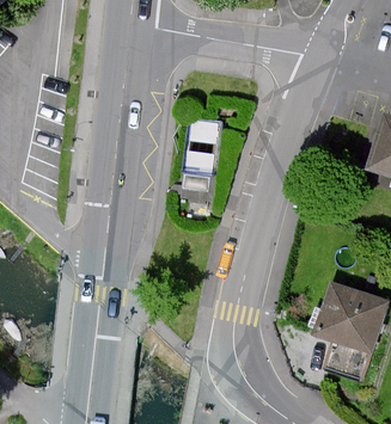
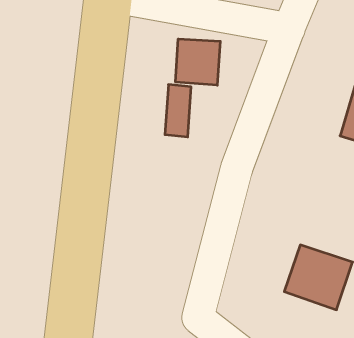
building: none -> [176,39,220,85]

